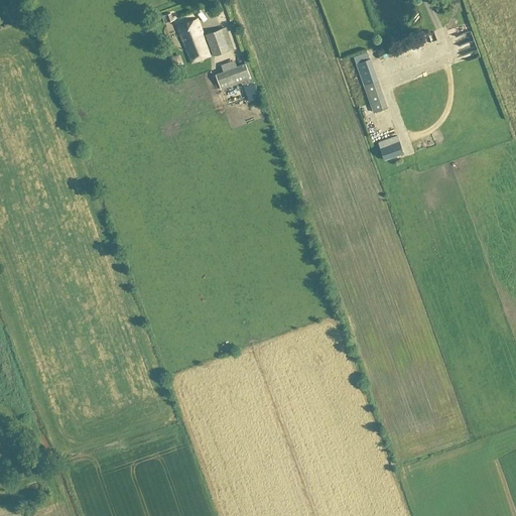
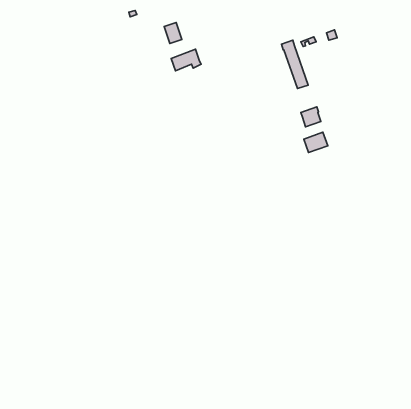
building: [176,18,210,62] -> none
building: none -> [304,132,328,152]

